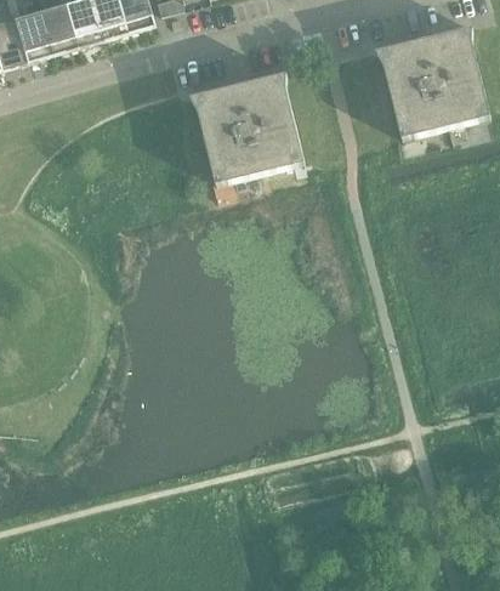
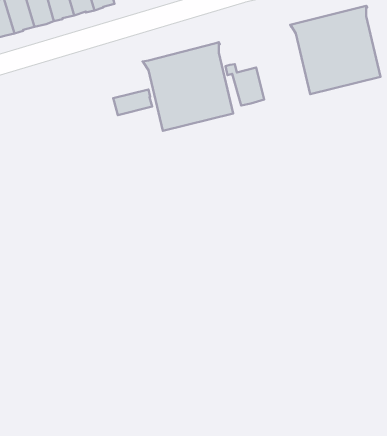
building: none -> [225,64,264,105]
building: none -> [113,89,152,115]

